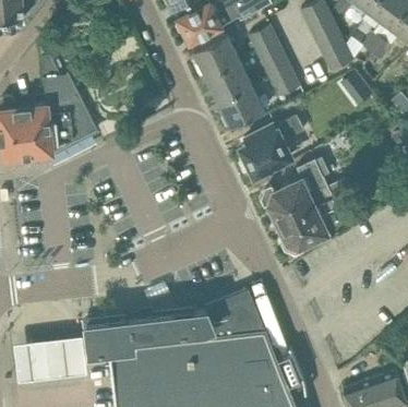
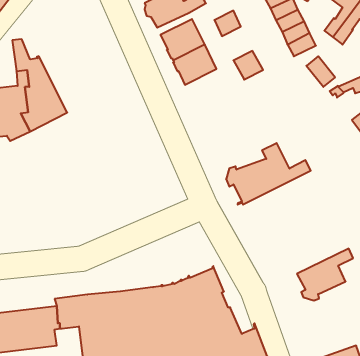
building: [256,44,288,79] -> none
building: [218,87,264,129] -> none
building: [241,116,303,177] -> none
building: [278,201,336,254] -> [297,249,353,300]

